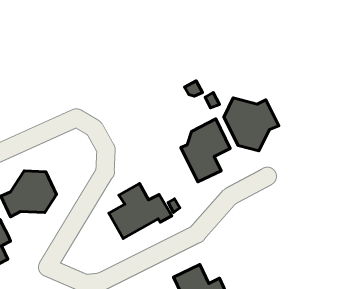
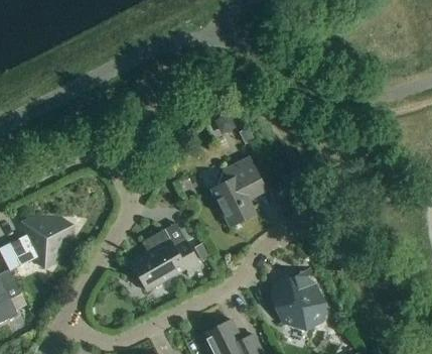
building: [224,98,279,151] -> none
building: none -> [272,274,325,328]

